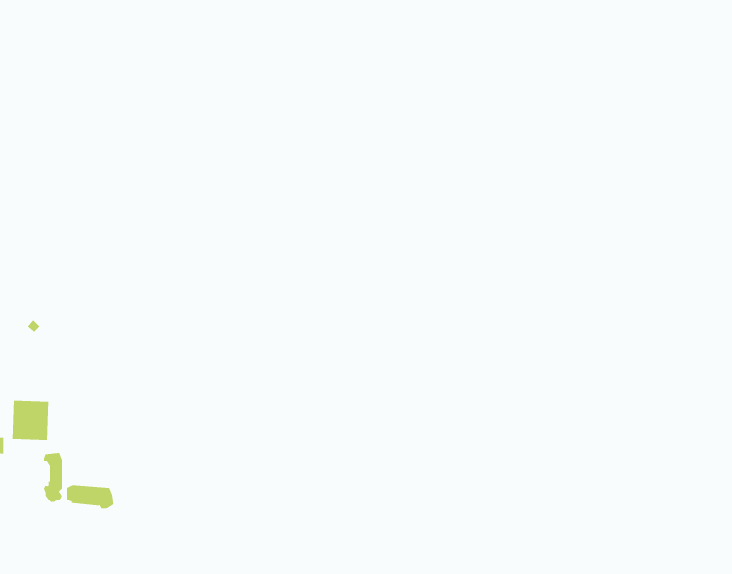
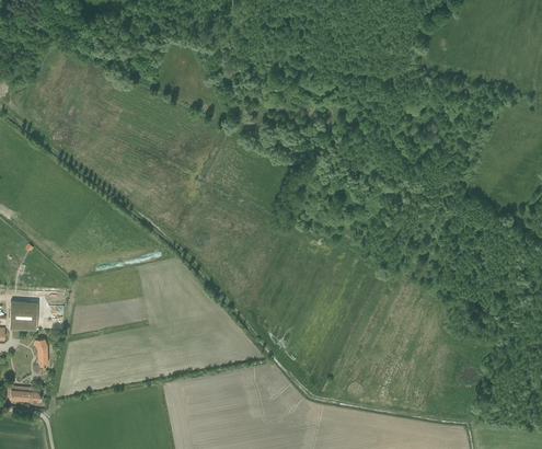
building: [66,485,114,509] -> [7,387,42,404]

